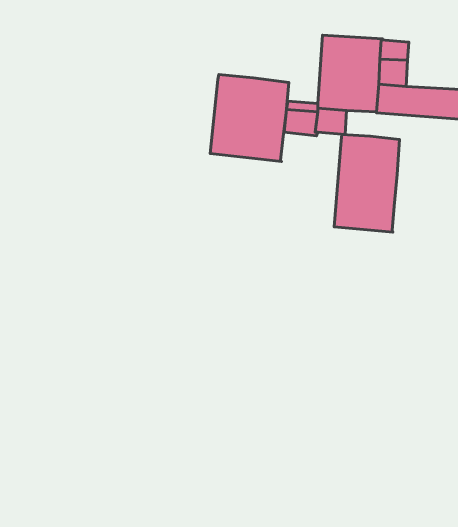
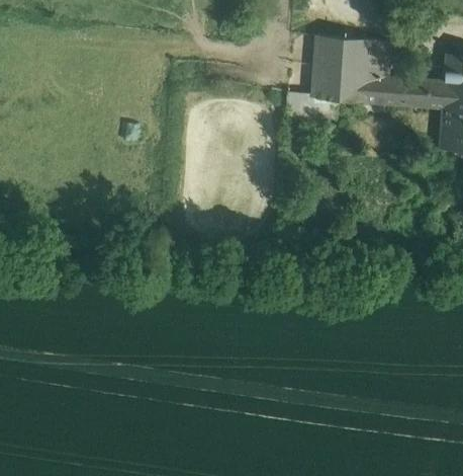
building: [210,75,289,162] -> none
building: [334,134,400,232] -> none

